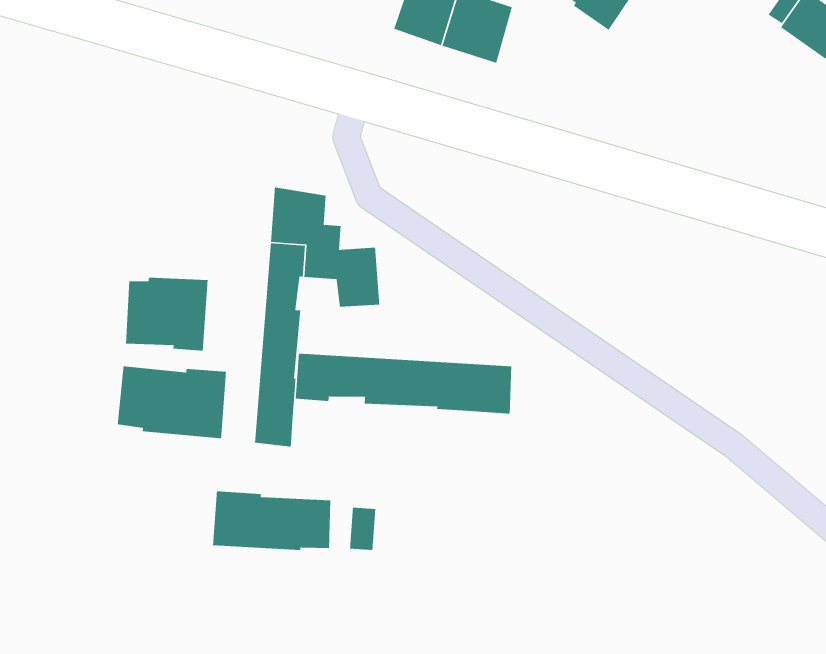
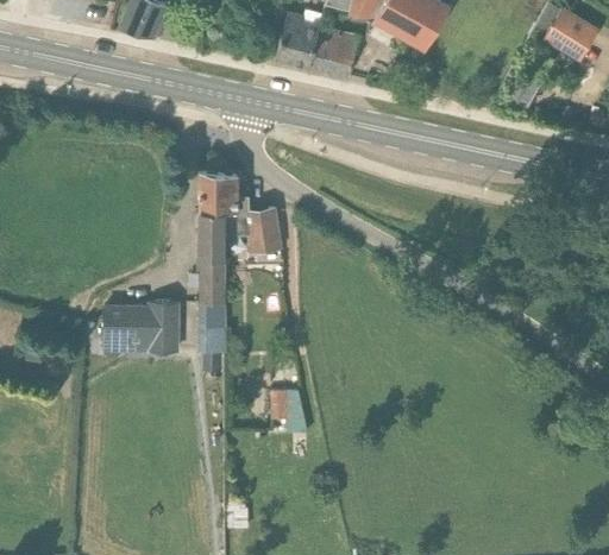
building: [125,277,209,351] -> none
building: [295,353,512,415] -> none
building: [212,490,331,551] -> none

